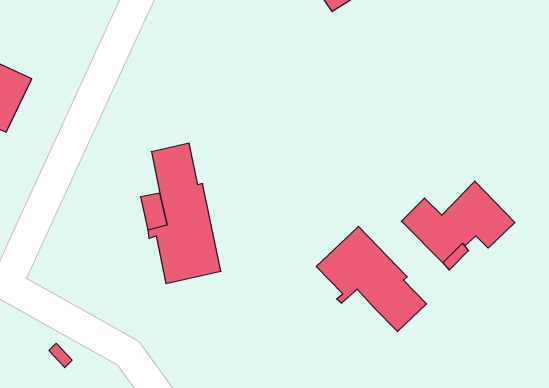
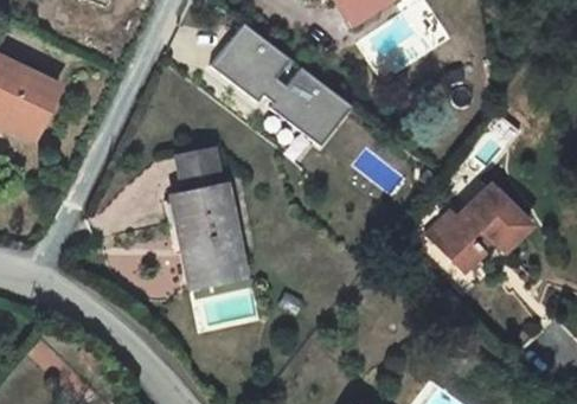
building: none -> [211,24,350,145]
building: [316,226,427,332] -> none

